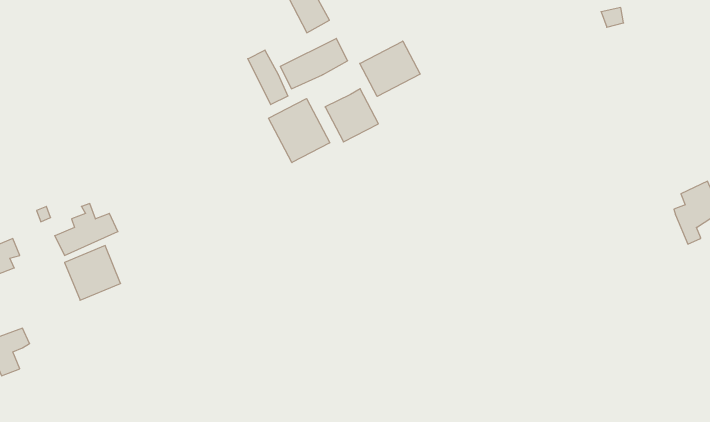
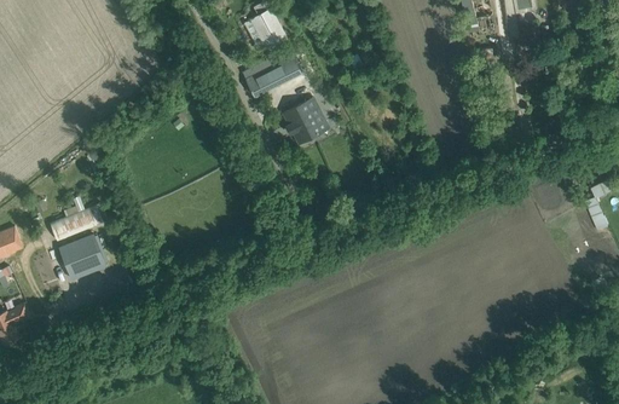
building: [360,41,420,96] -> none
building: [248,50,288,105] -> none
building: [269,99,330,163] -> none

